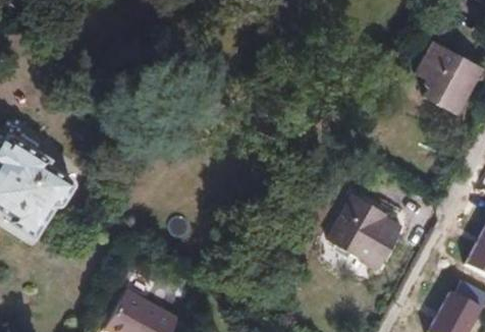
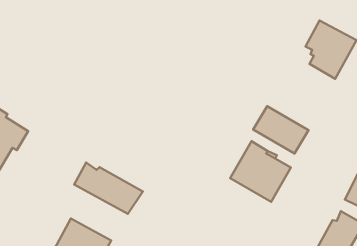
building: none -> [253,106,309,154]
building: none -> [74,163,143,214]

